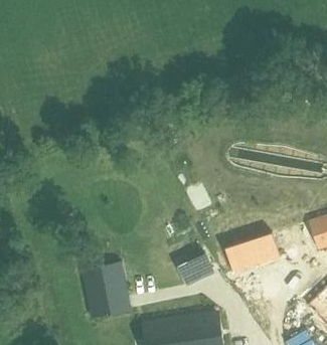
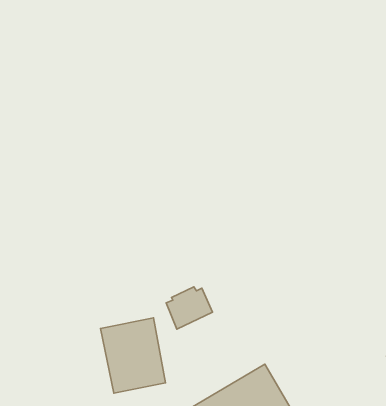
building: [225,232,279,273] -> none
building: [177,254,212,287] -> [166,287,212,329]

